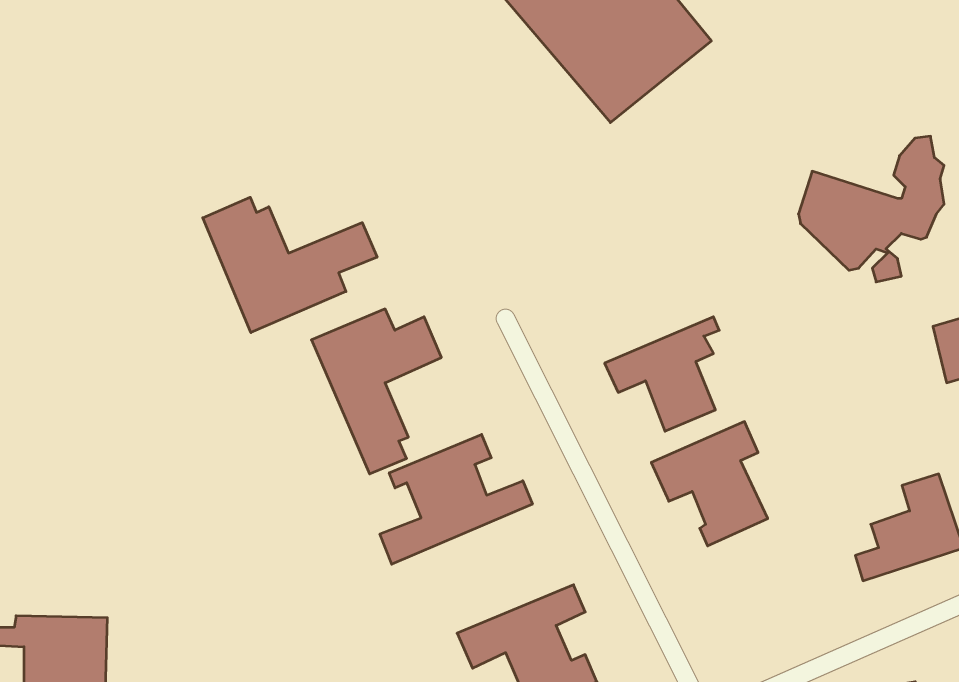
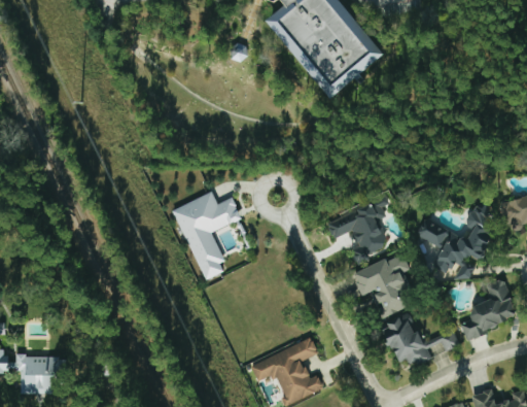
building: [798,136,944,282] -> [415,203,492,280]
building: [203,197,377,333] -> none
building: [380,434,532,564] -> none
building: none -> [382,315,459,368]

